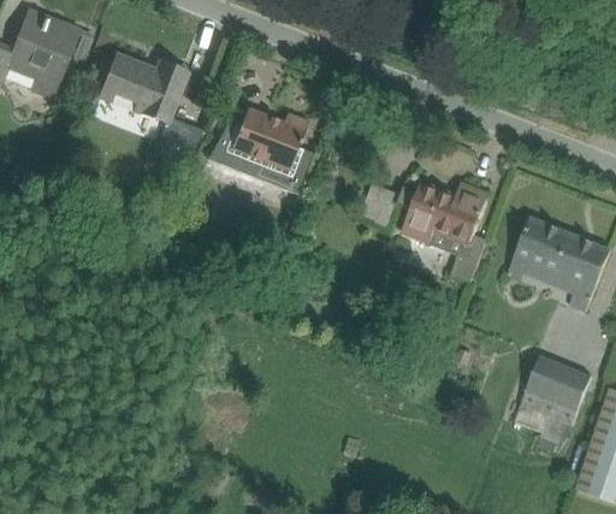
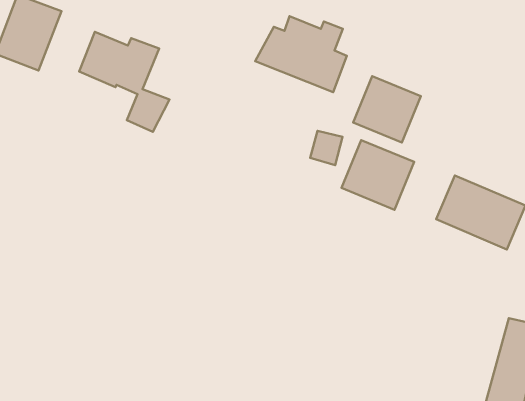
building: none -> [353,76,421,143]
building: [208,108,314,196] -> [255,16,347,92]
building: [516,354,585,437] -> none

